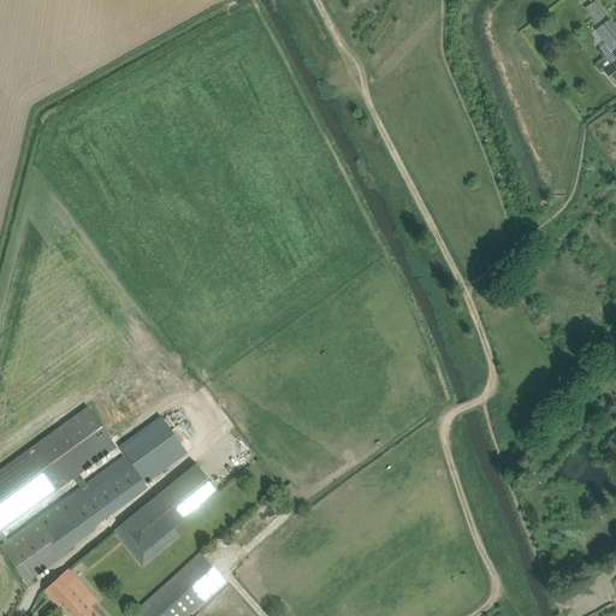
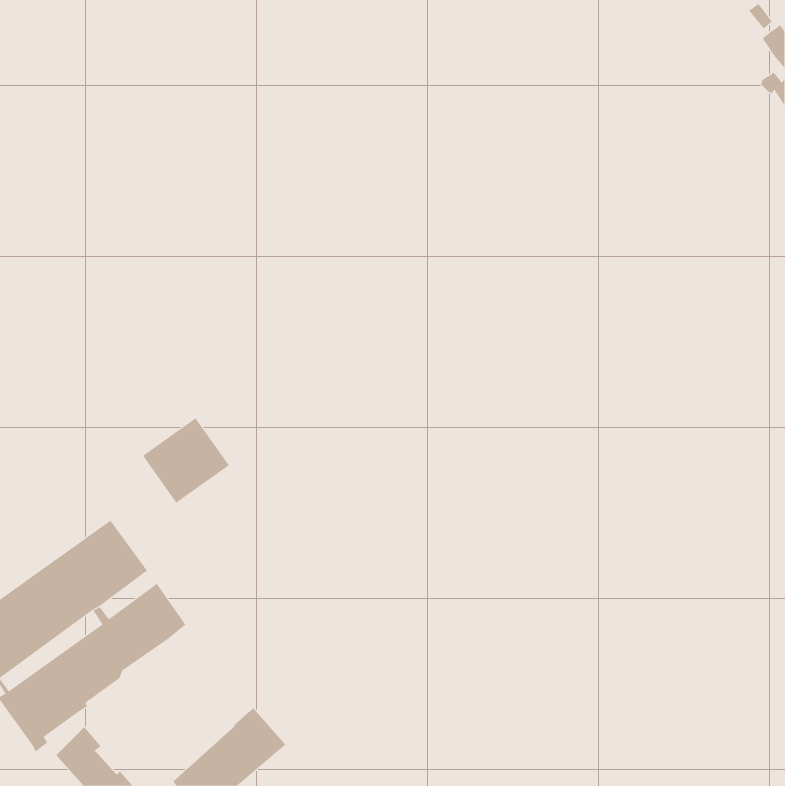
building: [118,416,186,484] -> [142,417,230,504]
building: [119,463,217,553] -> none

